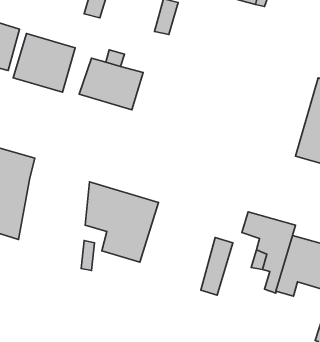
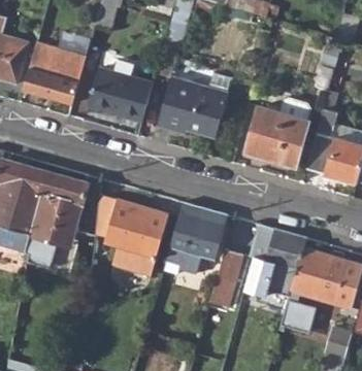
building: none -> [158,78,227,136]
building: none -> [246,106,309,165]
building: none -> [28,170,88,259]
building: none -> [173,202,228,273]

